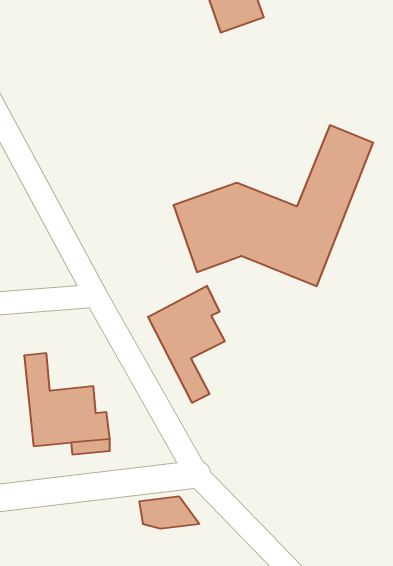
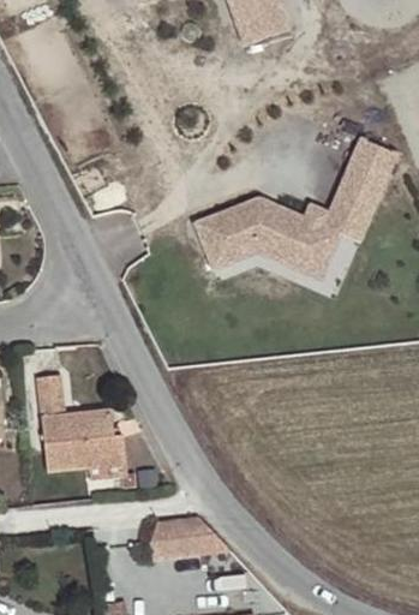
building: [148,286,225,403] -> none

